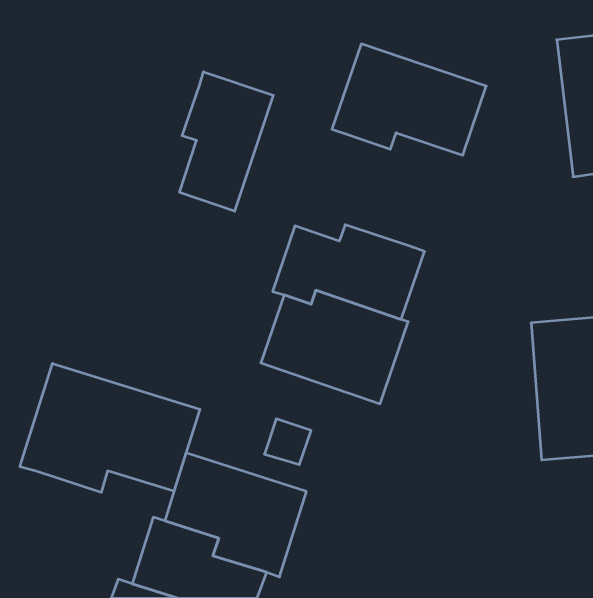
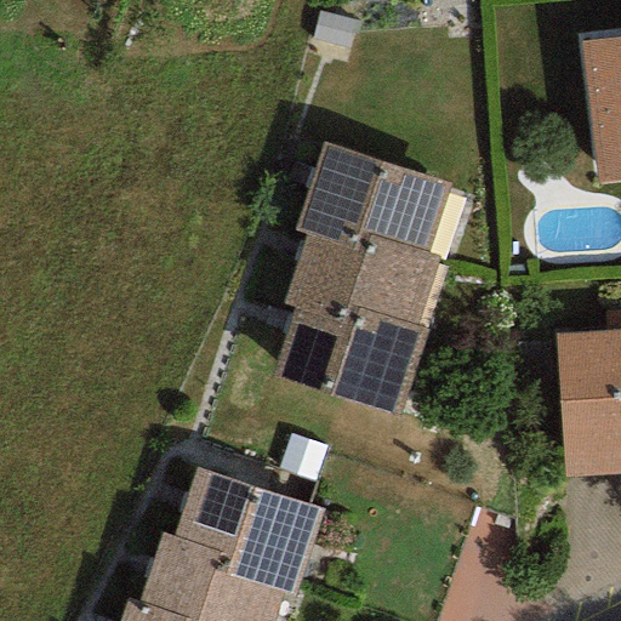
building: [332,44,486,155] -> [296,141,456,256]
building: [180,72,273,211] -> none
building: [20,363,200,492] -> none

